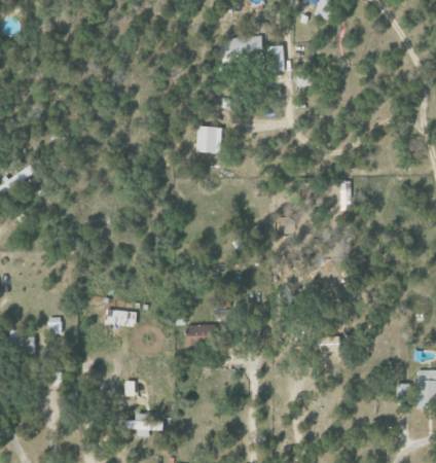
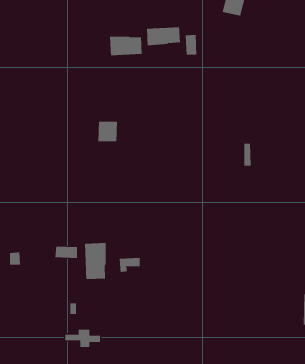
building: none -> [110,36,142,56]
building: [195,127,221,152] -> [97,121,118,142]
building: none -> [84,242,106,280]

